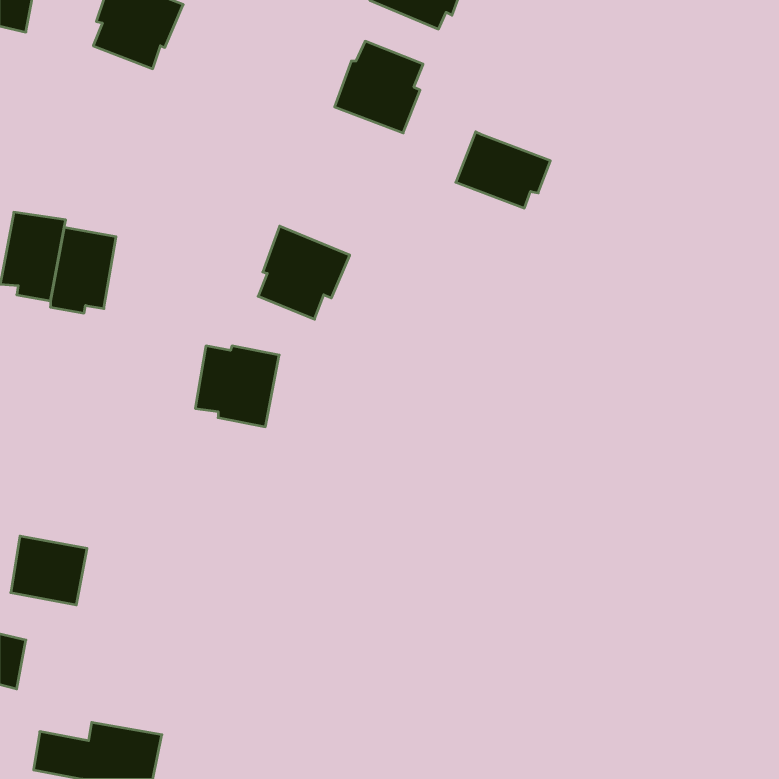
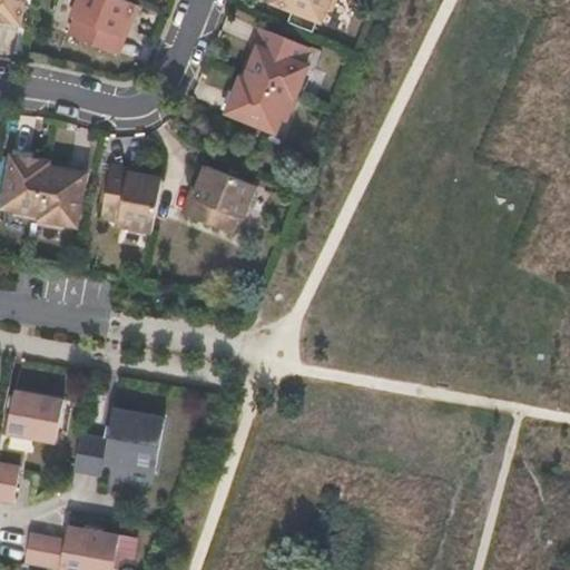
building: [456,132,550,208] -> [225,76,294,131]
building: [195,346,279,427] -> [100,171,161,230]
building: none -> [72,410,164,475]

